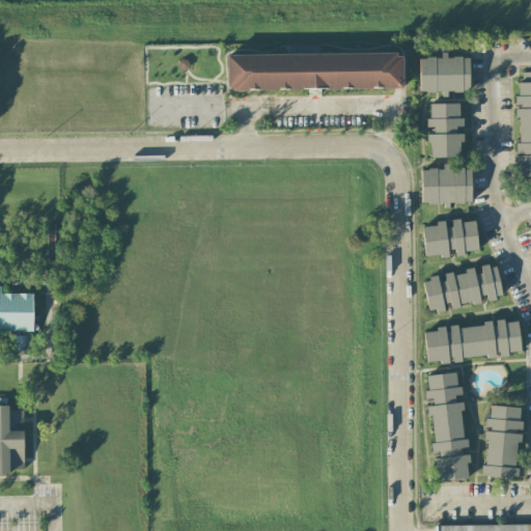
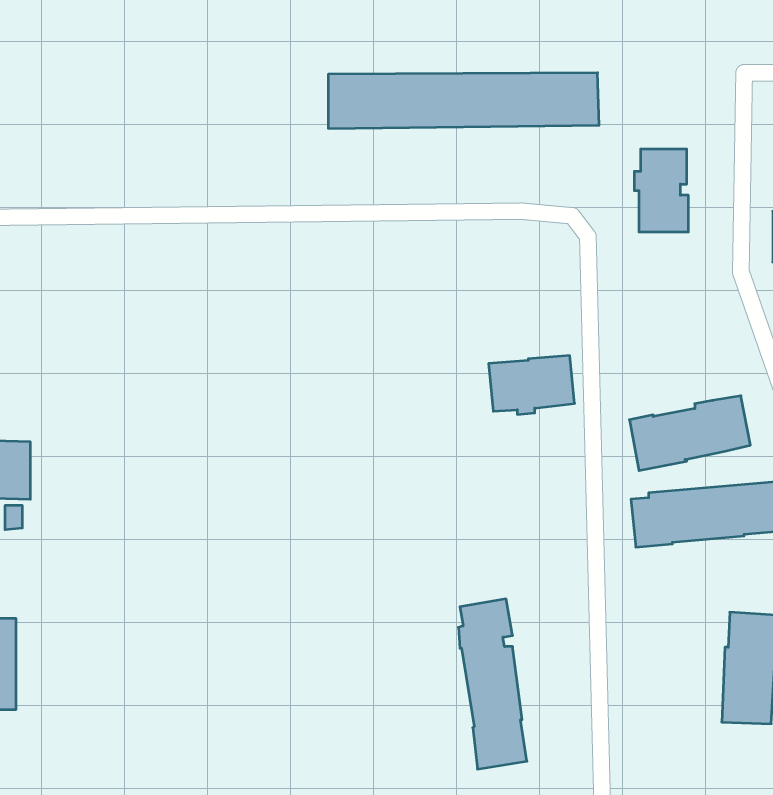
building: [421,56,470,92] -> none
building: [422,166,473,203] -> none
building: [423,219,479,257] -> [489,356,575,414]
building: [426,370,471,481] -> [458,599,527,769]

